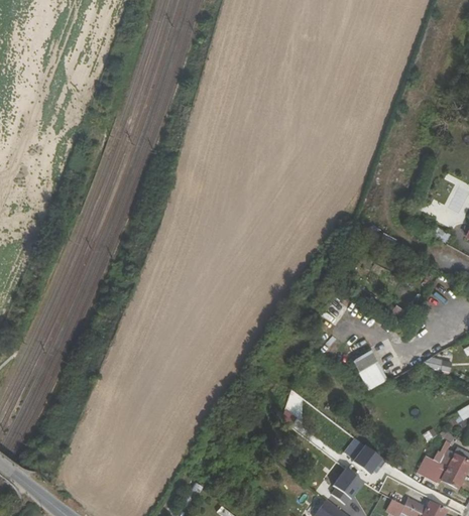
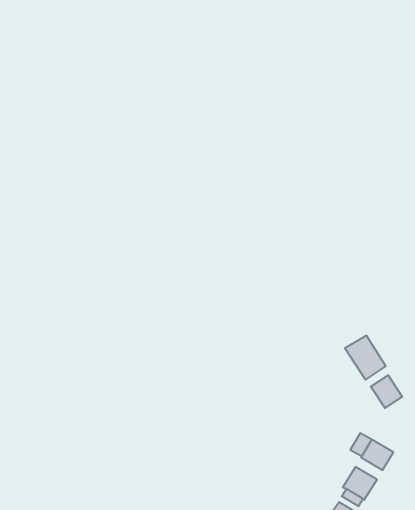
building: none -> [371,375,402,408]

